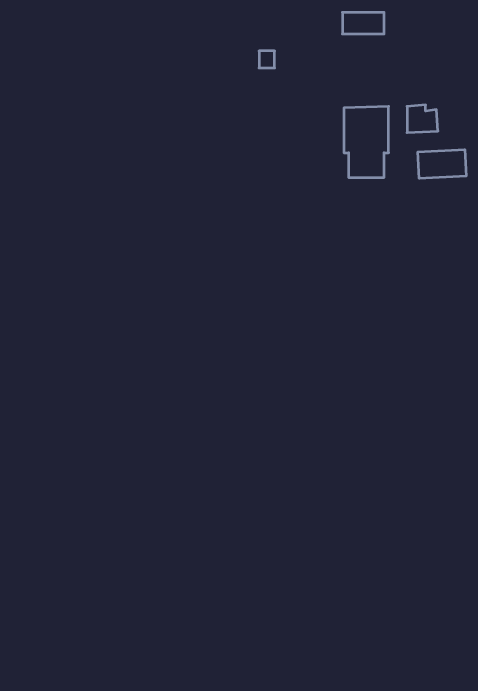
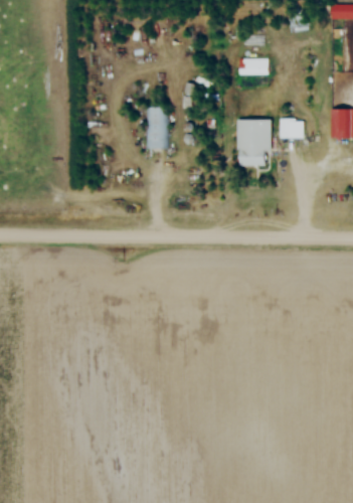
building: none -> [145,111,165,148]
building: [418,150,466,178] -> none

